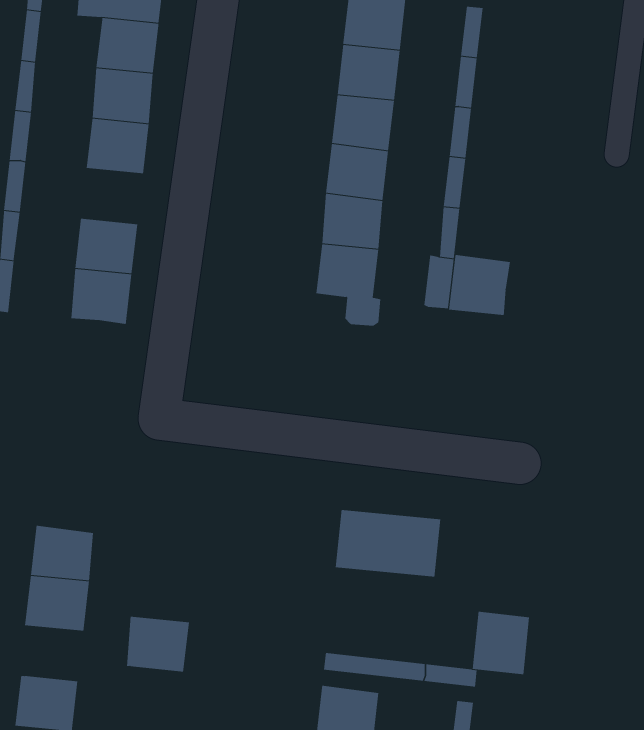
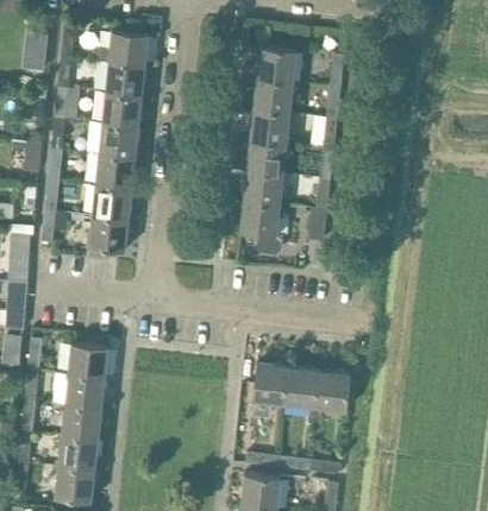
building: none -> [95,156,134,190]
building: [449,254,510,316] -> none
building: none -> [68,343,107,380]
building: [472,611,530,675] -> [314,372,350,411]
building: [126,616,190,672] -> [58,437,98,472]

